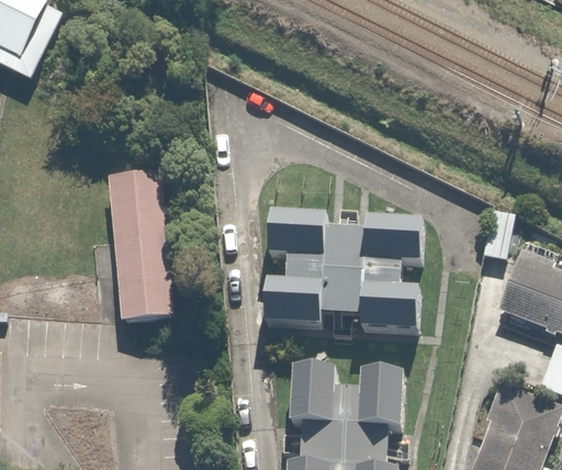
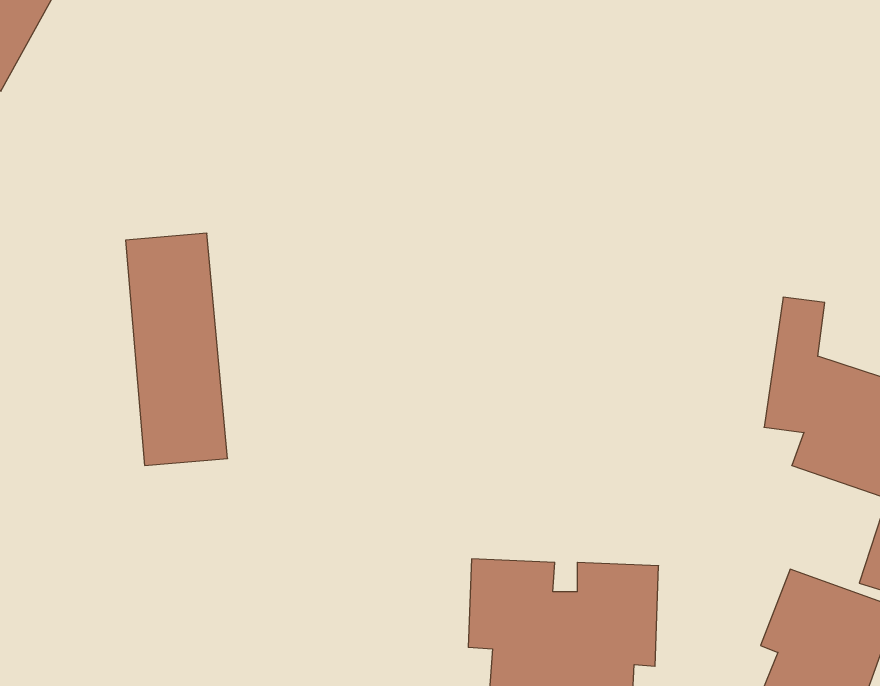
building: [276,216,441,340] -> none

